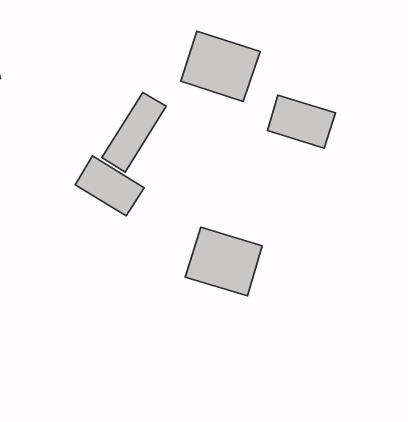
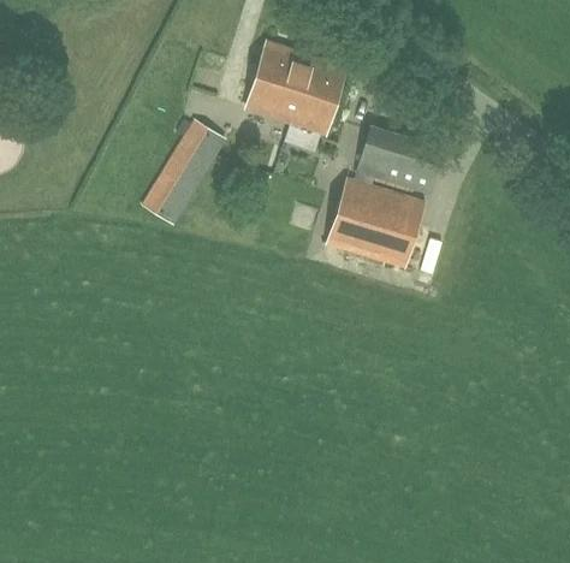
building: [75,156,144,216] -> none
building: [185,227,262,296] -> [326,177,426,266]

